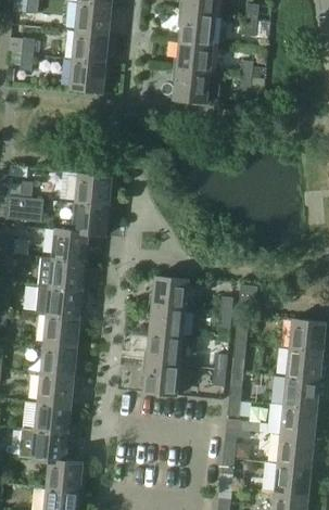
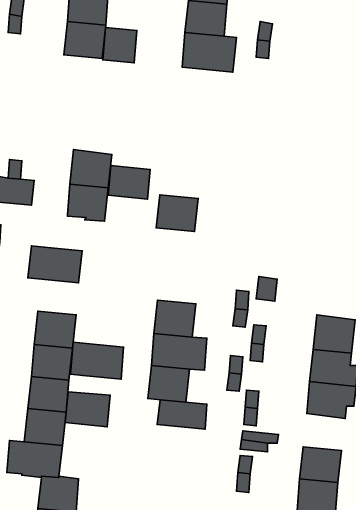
building: none -> [103,28,137,63]
building: none -> [108,165,150,199]
building: [51,228,88,262] -> none
building: [151,276,188,308] -> [156,195,198,232]
building: [35,285,81,318] -> [71,342,124,379]
building: none -> [65,392,110,427]
building: none -> [157,400,207,429]
building: [279,405,316,437] -> none

